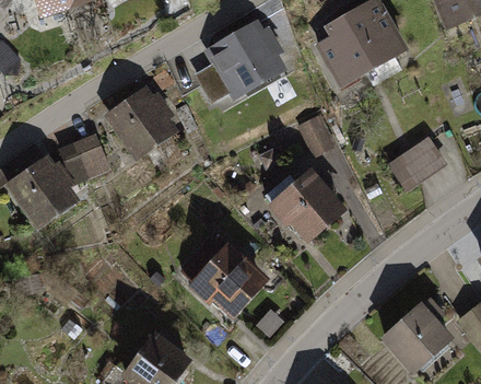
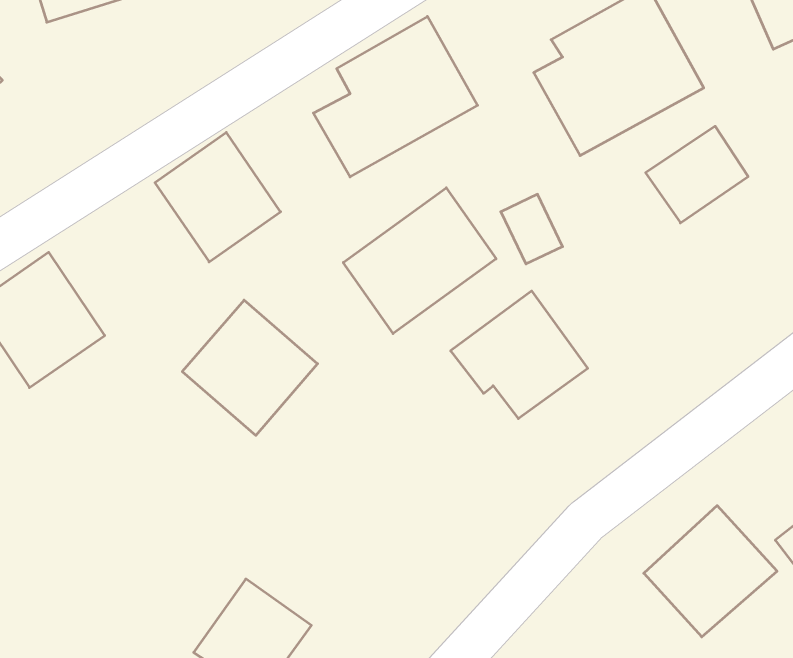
building: none -> [343,188,496,334]
building: [57,127,108,176] -> none
building: [387,136,445,190] -> [646,126,748,223]
building: [193,244,270,321] -> [182,300,318,435]

